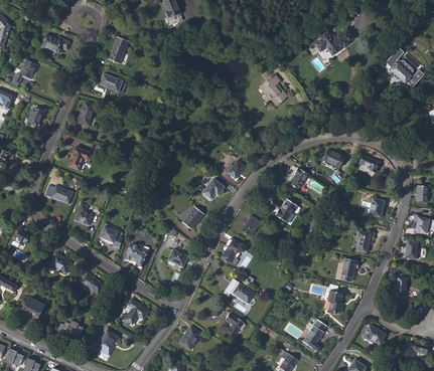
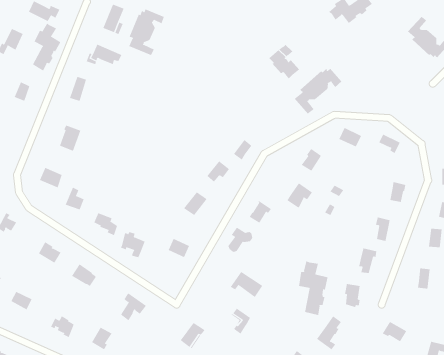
building: none -> [128,9,164,56]
building: none -> [32,23,61,71]
building: none -> [294,68,342,115]
building: none -> [298,261,328,316]

